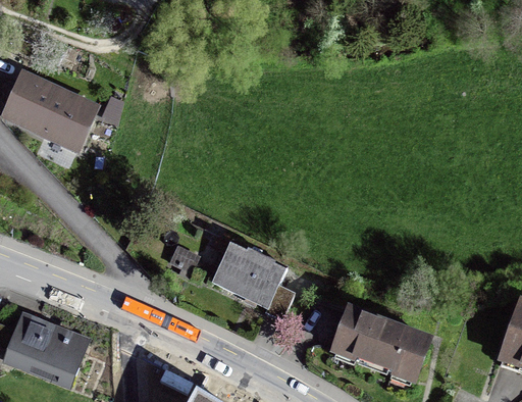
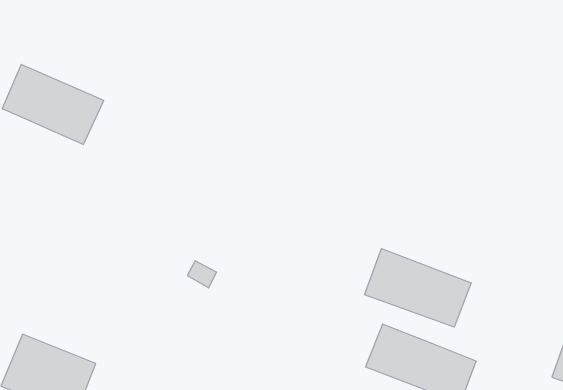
building: none -> [364,249,471,327]
building: [211,244,286,311] -> none

